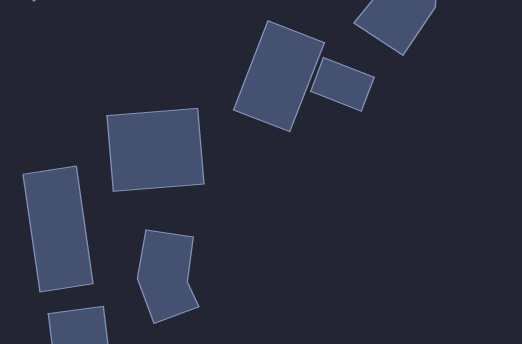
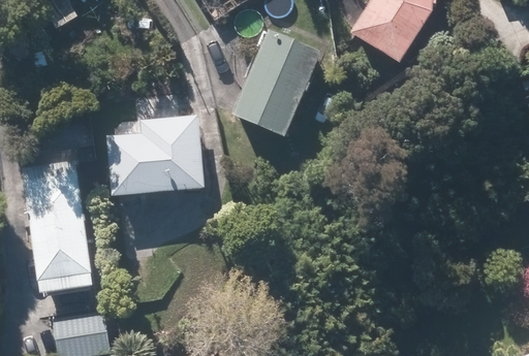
building: [311,57,374,111] -> none
building: [138,230,199,323] -> none

